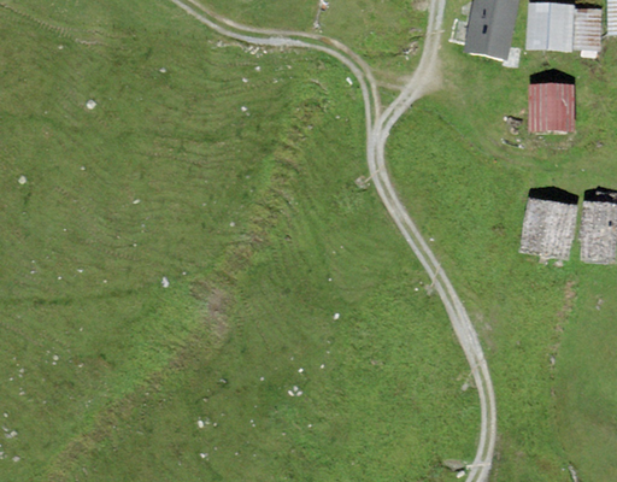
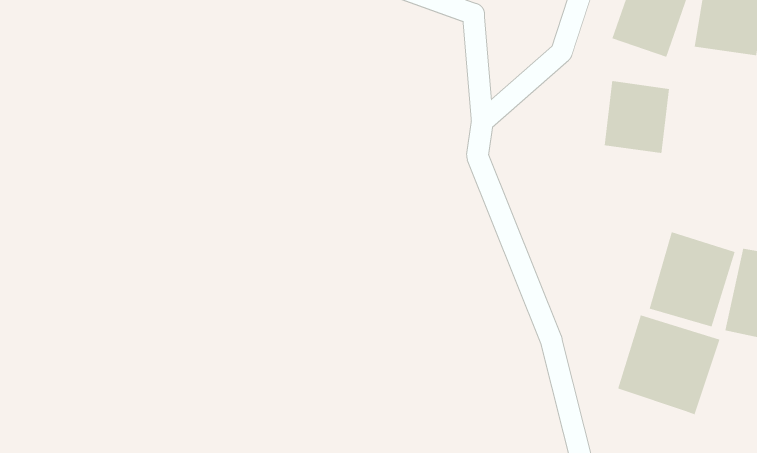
building: [528,81,574,130] -> [604,81,670,154]
building: none -> [617,314,720,415]

